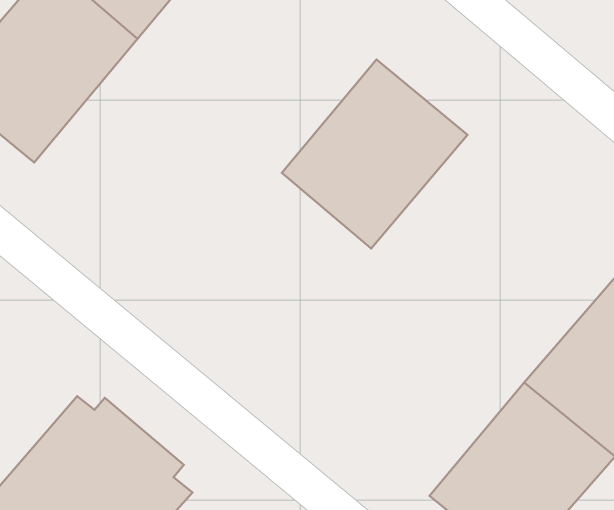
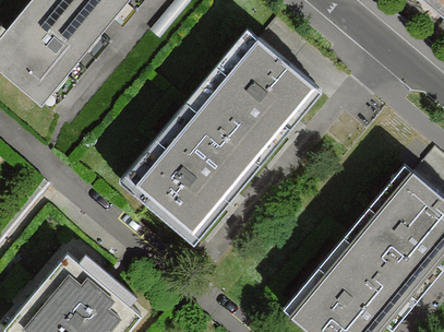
building: none -> [135,110,254,232]

